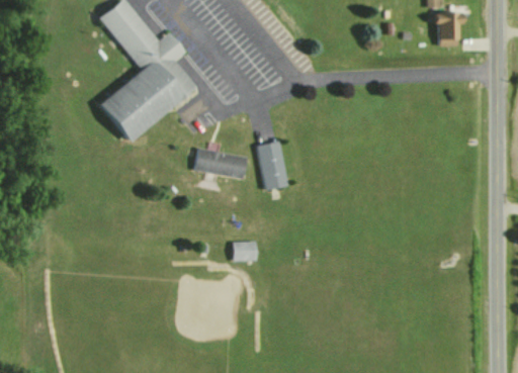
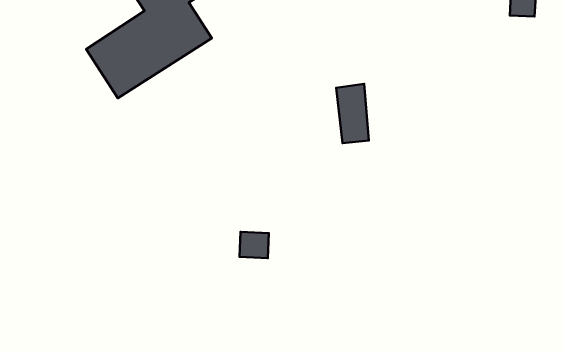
building: [257,141,287,190] -> [336,84,369,143]
building: [194,148,247,180] -> none

